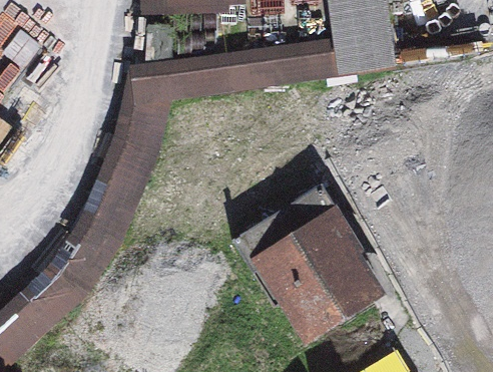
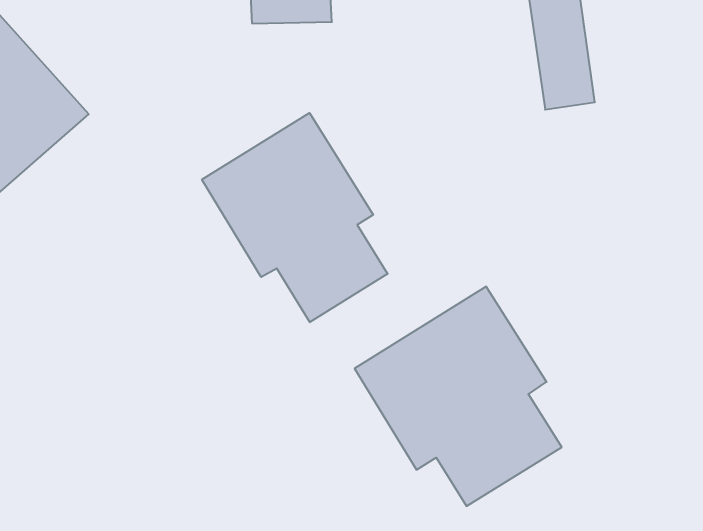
building: none -> [202,113,388,322]

